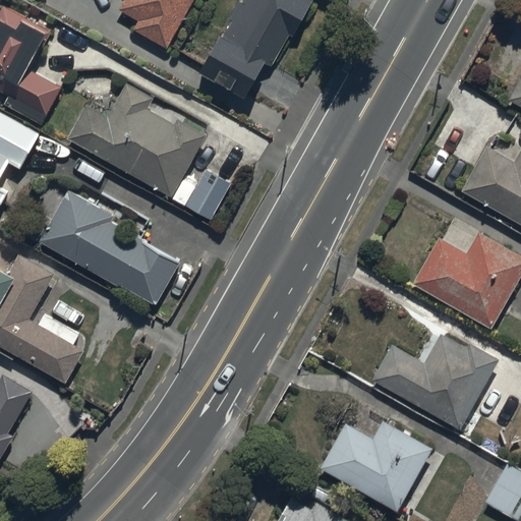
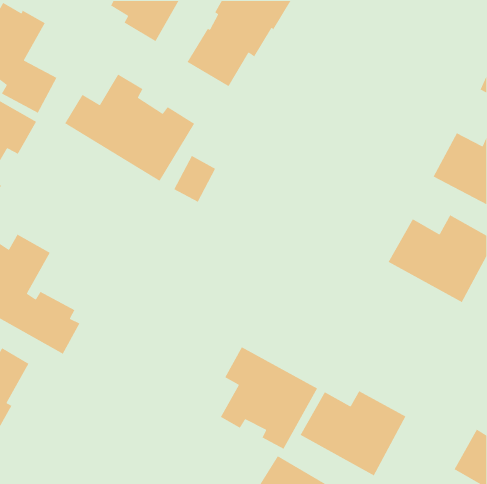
building: [39,191,180,305] -> none
building: [370,333,498,429] -> none
building: none -> [220,346,318,450]

